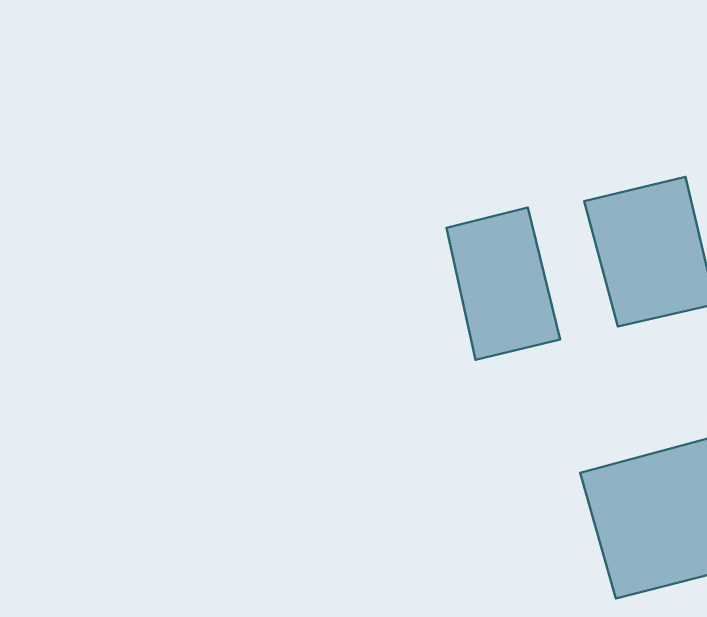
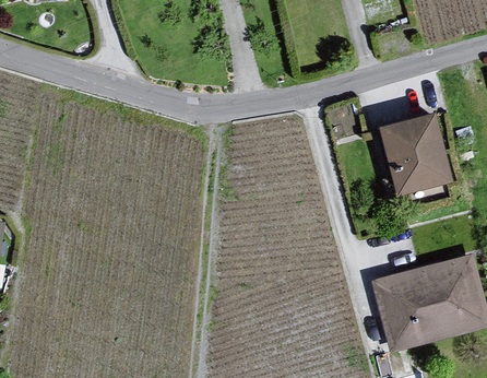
building: [447,207,560,360] -> none

